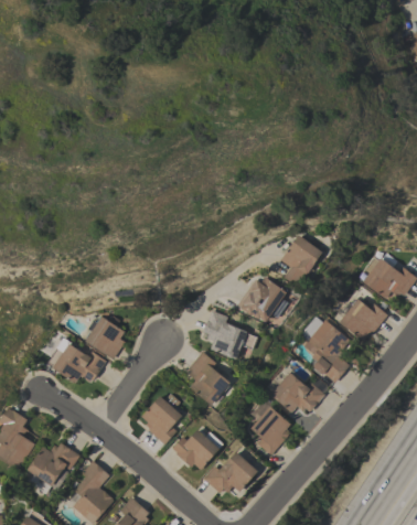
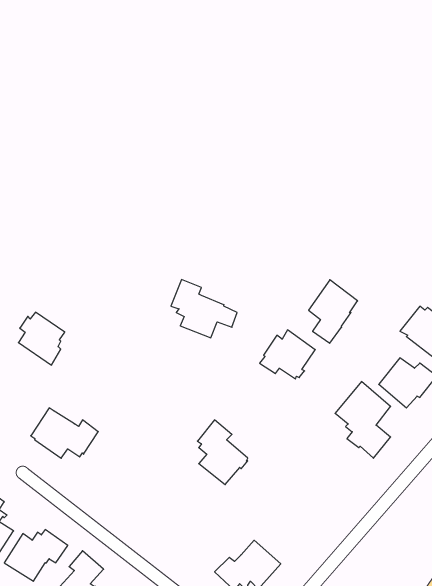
building: [203,310,258,358] -> [171,280,237,338]
building: [86,315,125,360] -> [18,312,65,365]
building: [270,372,325,413] -> none
building: [141,393,182,444] -> none
building: [250,406,296,454] -> none
building: [172,429,223,470] -> none

